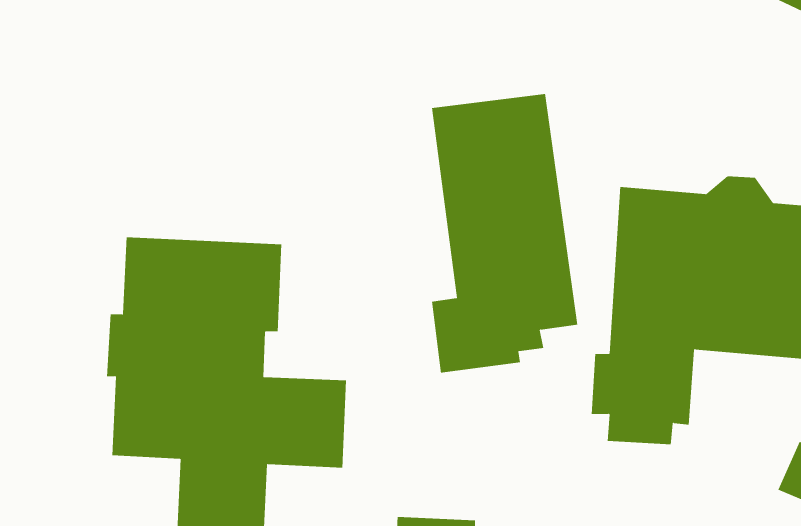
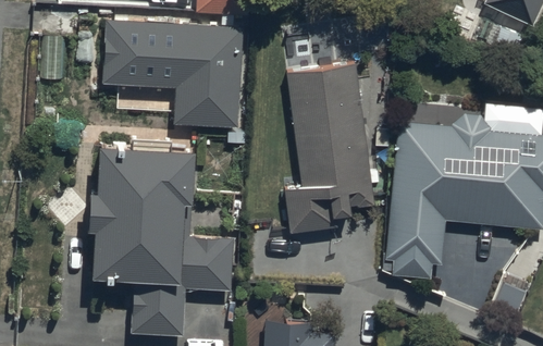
building: none -> [102,20,243,126]

